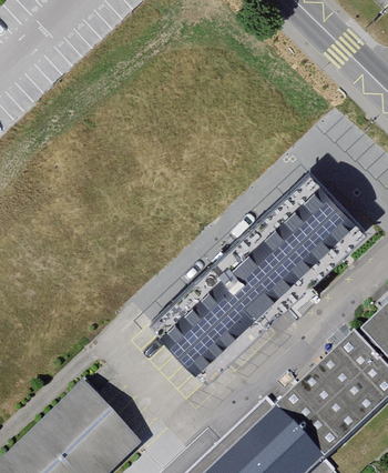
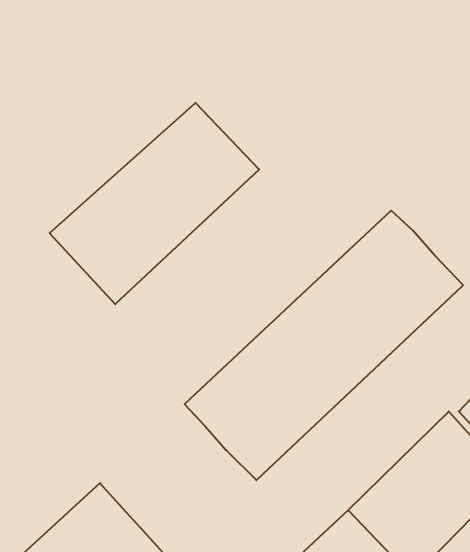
building: none -> [50,103,259,304]

